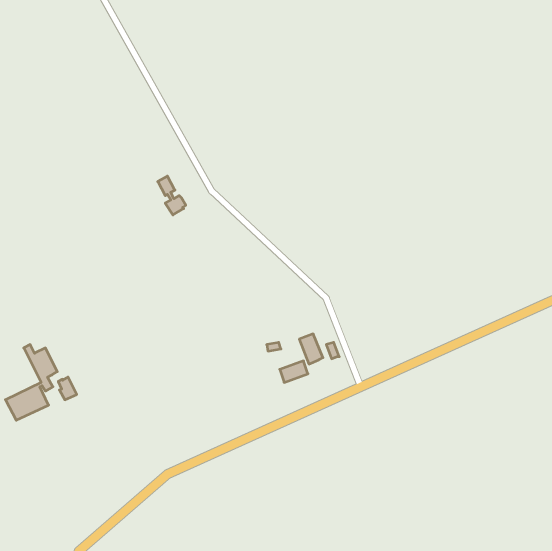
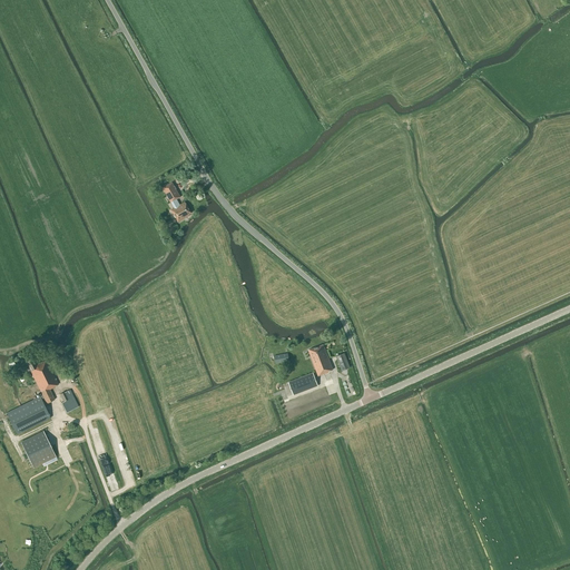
building: none -> [20,431,56,466]

